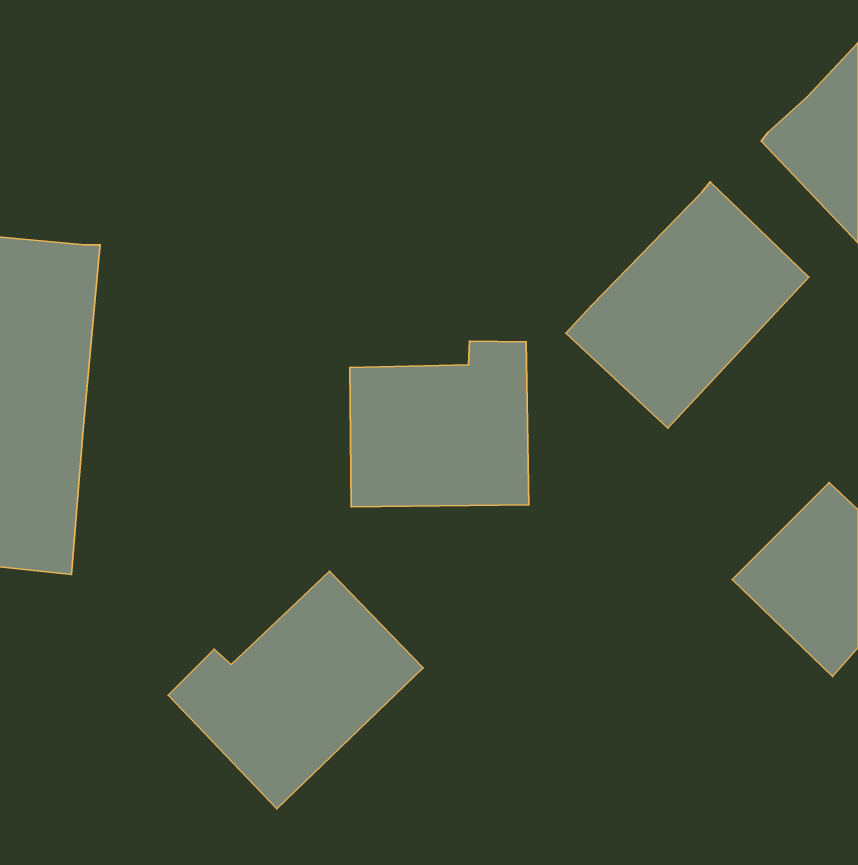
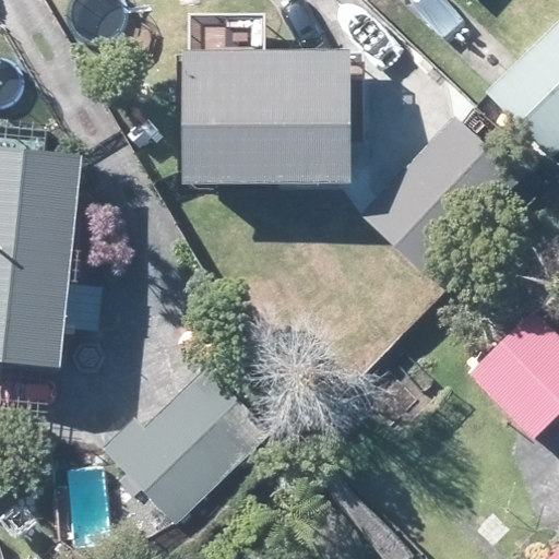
building: none -> [193,51,364,183]
building: [350,341,529,507] -> none

